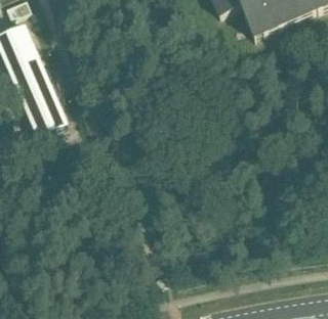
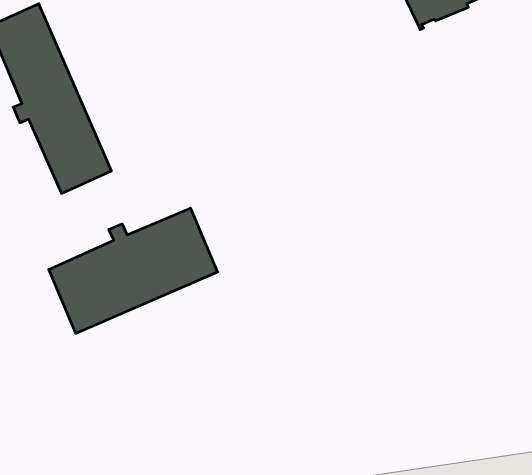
building: none -> [49,208,218,333]

